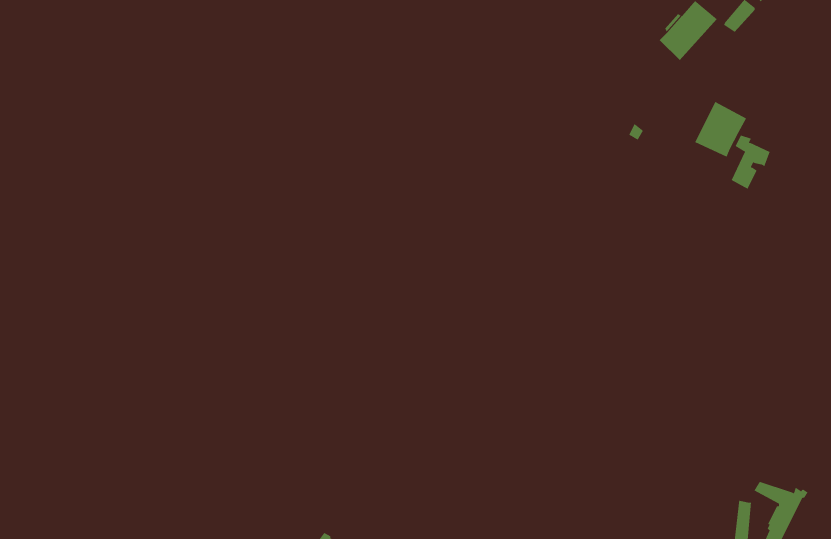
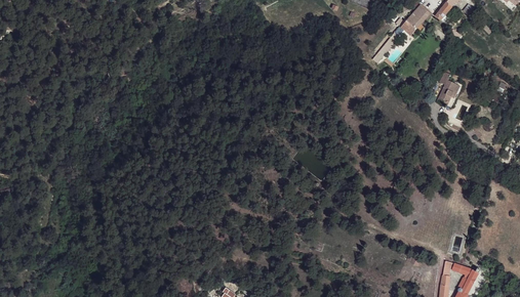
building: [694,101,747,158] -> none

